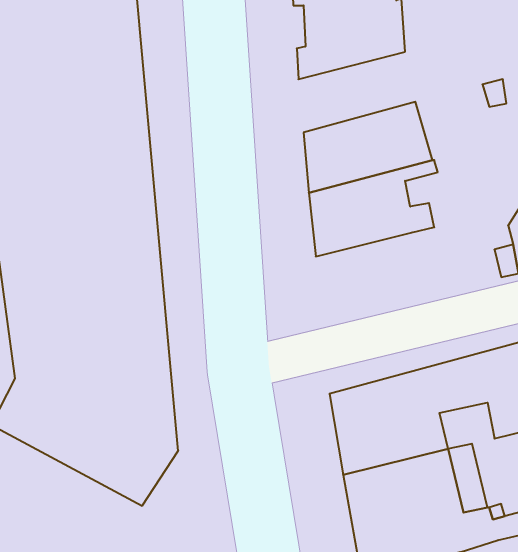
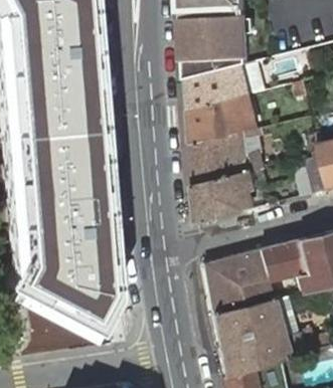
building: none -> [186,60,270,112]
building: none -> [196,170,258,223]

